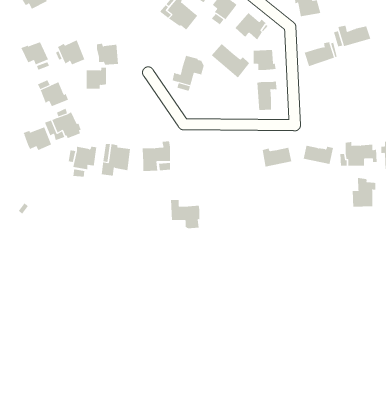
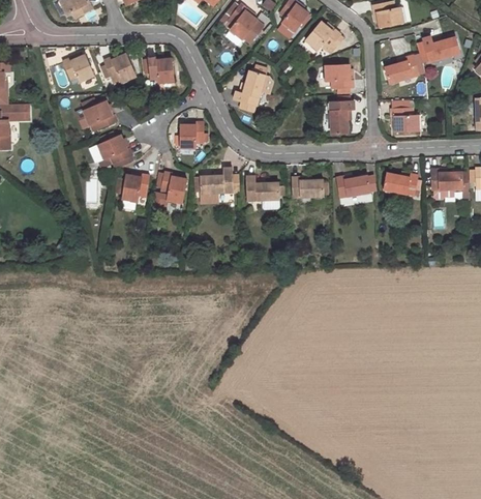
building: [211,43,250,79] -> none
building: [86,67,107,89] -> [180,122,204,147]
building: none -> [391,108,418,131]
building: [23,126,52,151] -> none
building: none -> [292,177,324,197]
building: [352,177,376,208] -> none
building: [170,200,200,229] -> [245,176,279,209]

